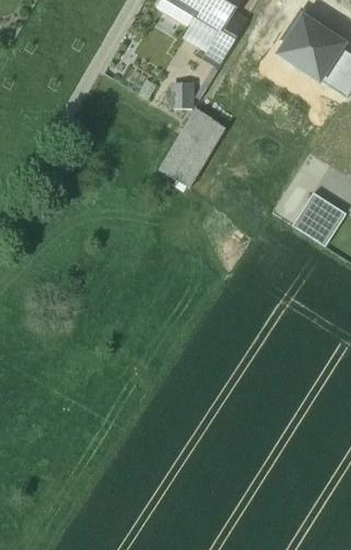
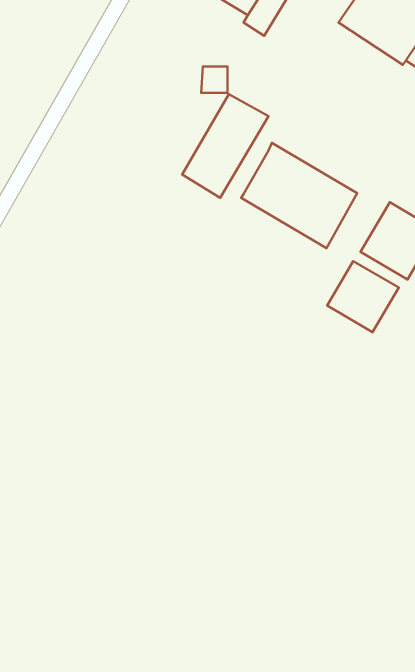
building: none -> [241,143,357,248]
building: none -> [327,261,399,332]

